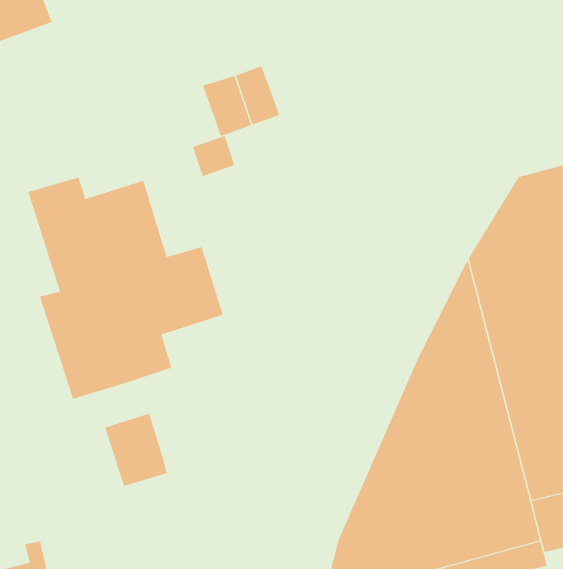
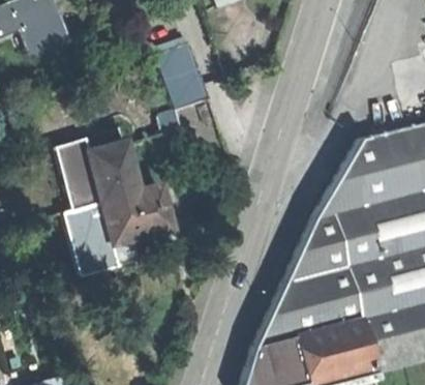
building: none -> [152,42,199,81]
building: [104,413,168,487] -> none

